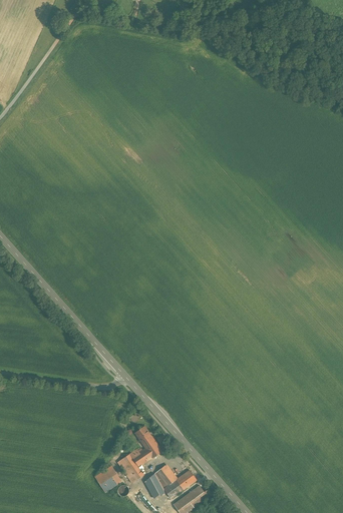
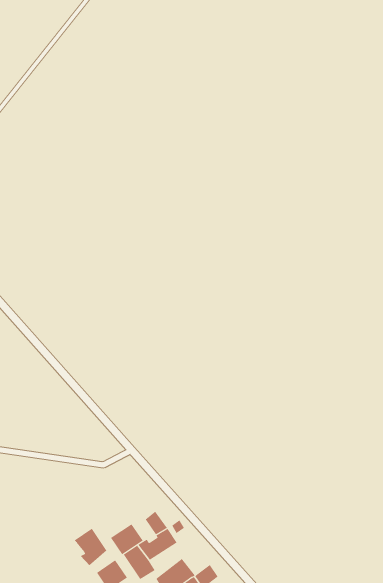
building: none -> [110,523,143,555]
building: none -> [74,528,107,566]

